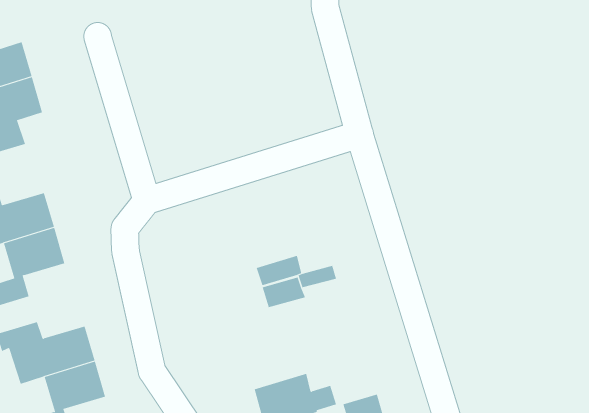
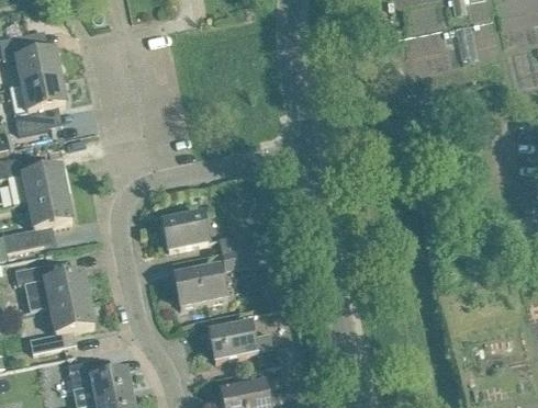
building: none -> [161,211,208,247]
building: none -> [173,263,226,305]

